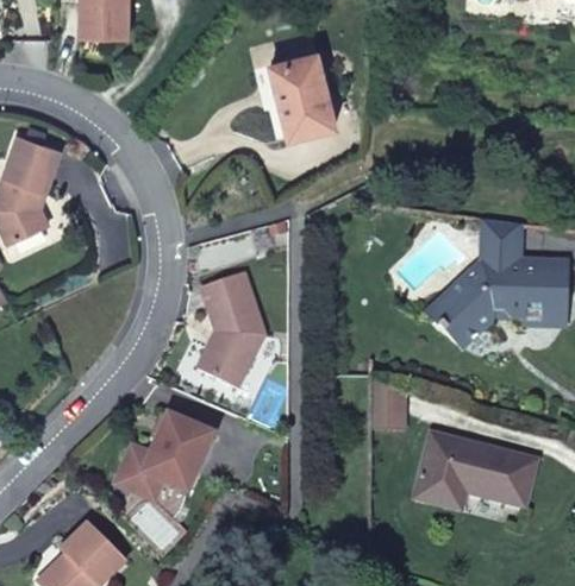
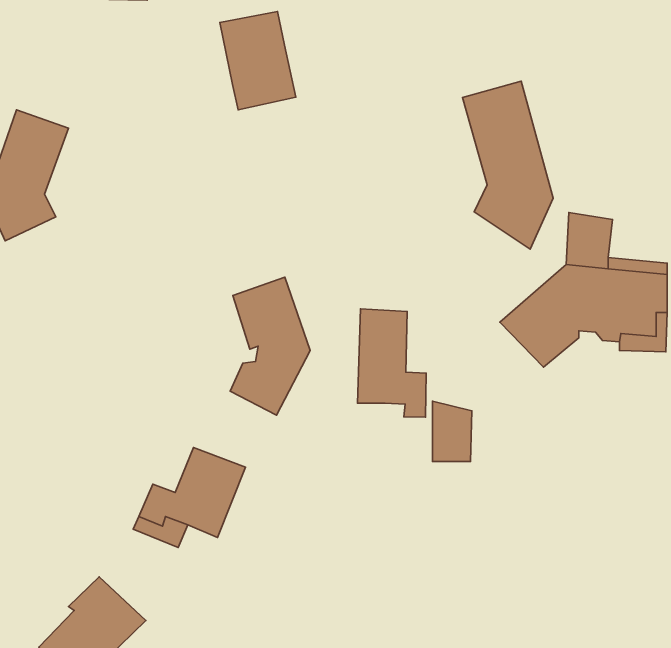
building: [276,53,340,137] -> [220,11,296,110]
building: none -> [462,81,553,249]
building: none -> [358,309,426,417]
building: [412,434,533,512] -> none

